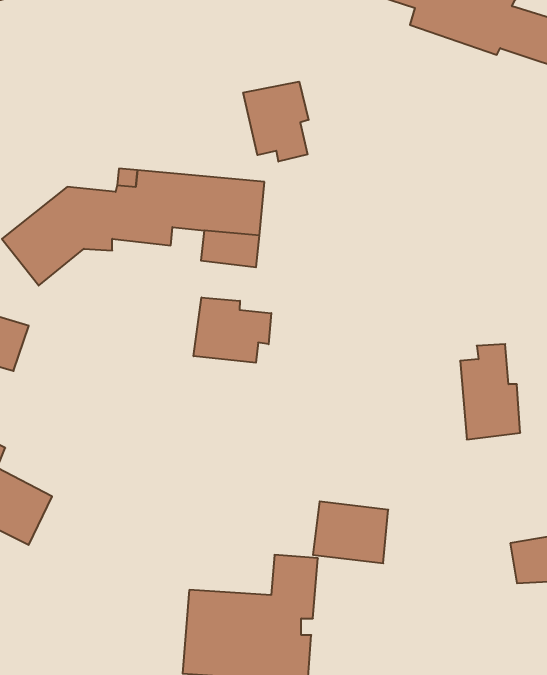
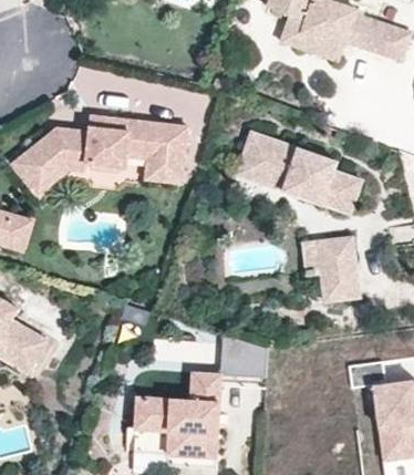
building: [243,82,309,162] -> none
building: none -> [241,131,361,211]
building: [194,297,271,363] -> none

